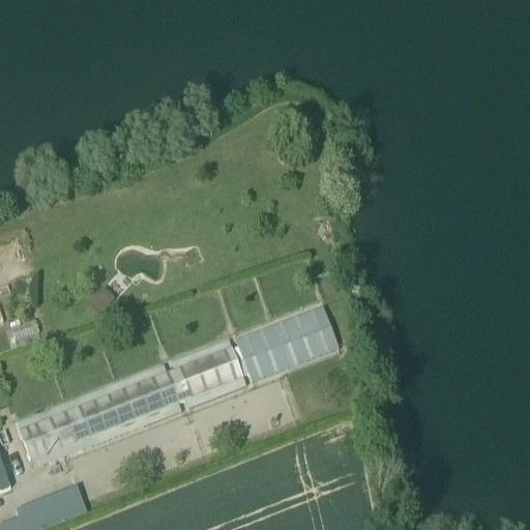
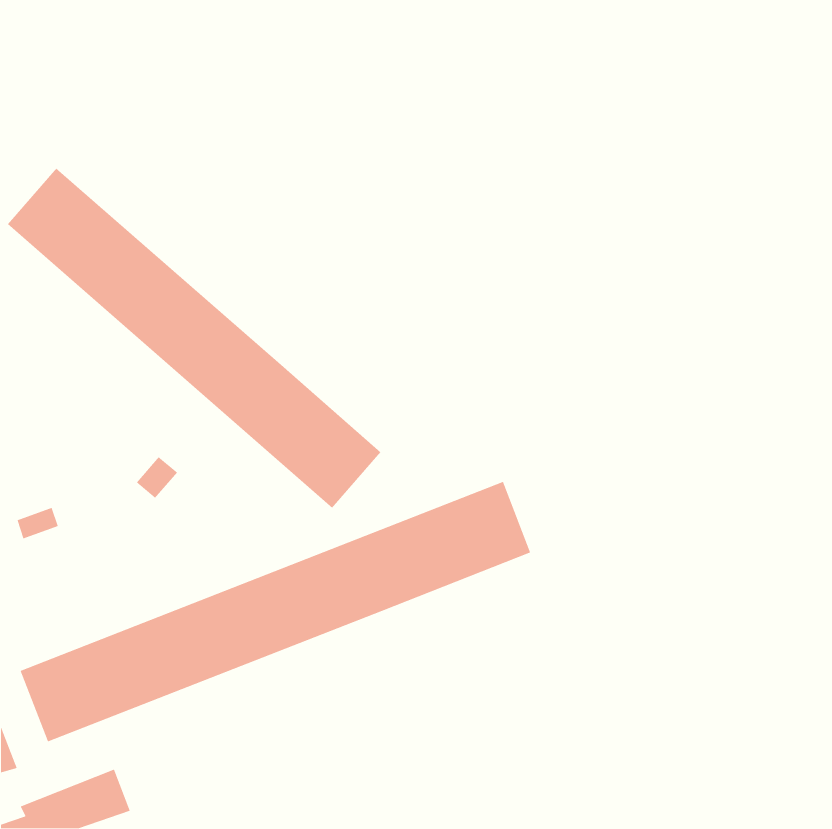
building: none -> [7,168,381,509]

